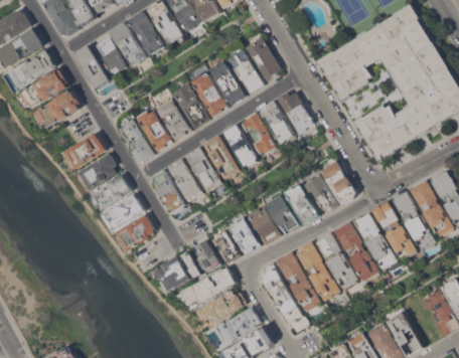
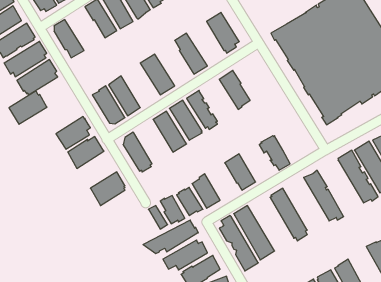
building: [95,37,125,74] -> none
building: [226,49,264,95] -> none
building: [190,72,227,117] -> none
building: [276,91,314,135] -> none
building: [153,96,190,140] -> none
building: [241,112,276,157] -> none
building: [64,133,107,170] -> [9,91,47,124]
building: [168,159,202,202] -> none
building: [320,161,356,205] -> none
building: [284,184,318,224] -> none
building: [104,195,144,229] -> none
building: [370,201,416,258] -> none
building: [246,205,280,245] -> none
building: [333,221,377,282] -> none
building: [295,241,339,302] -> none
building: [153,255,189,292] -> none

